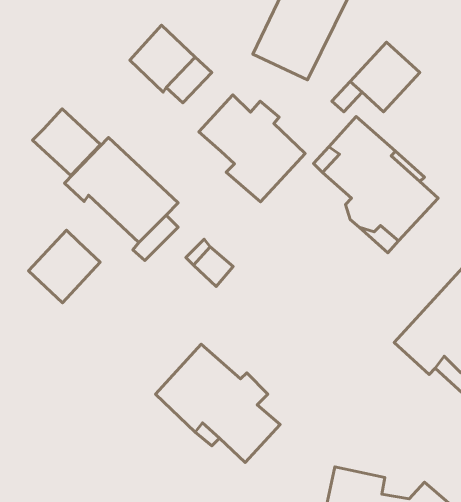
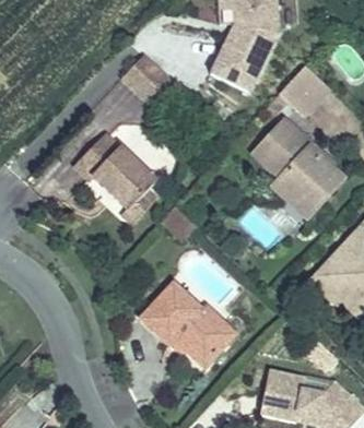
building: [199,95,305,202] -> none
building: [33,109,100,176] -> none
building: [29,230,100,303] -> none

